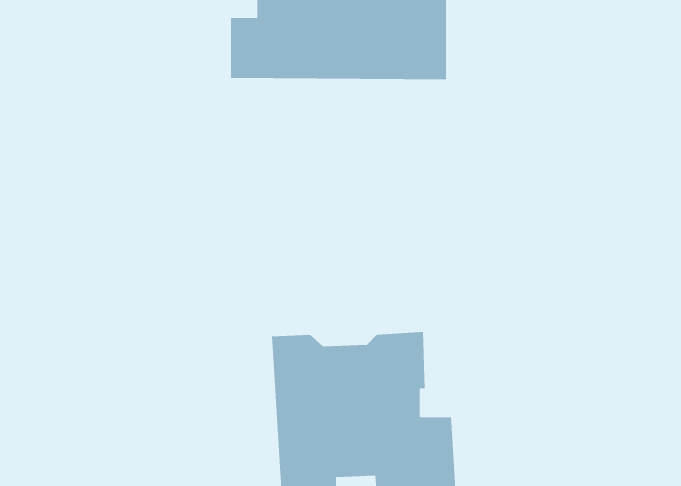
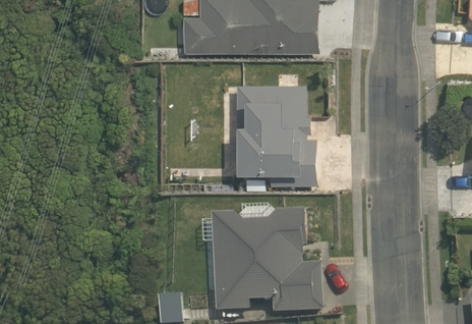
building: none -> [236,83,316,184]

